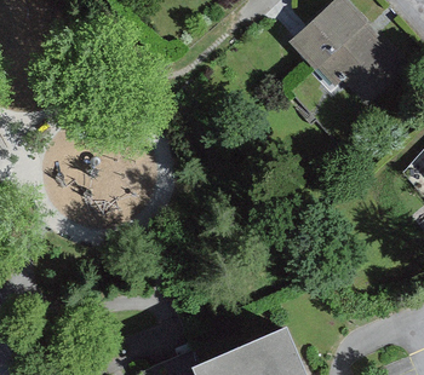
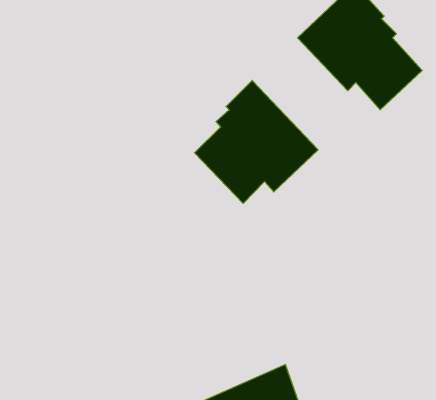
building: none -> [195,80,318,203]

